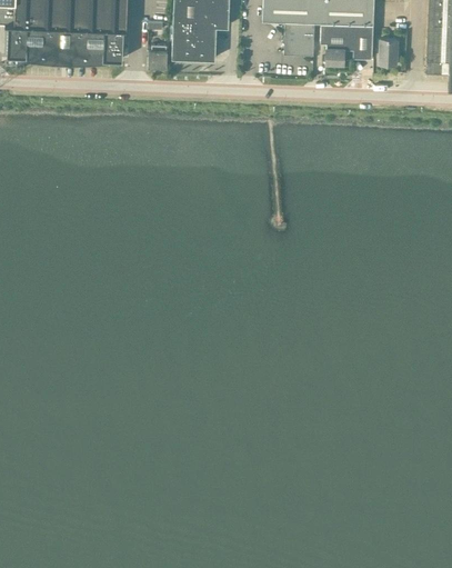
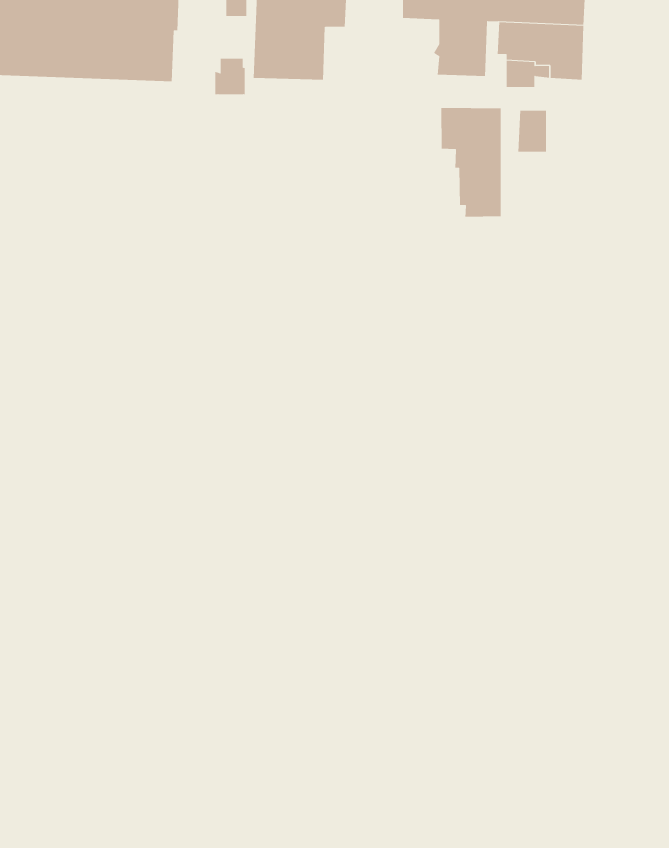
building: [380,38,398,63] -> [518,110,547,152]
building: none -> [441,107,501,217]

